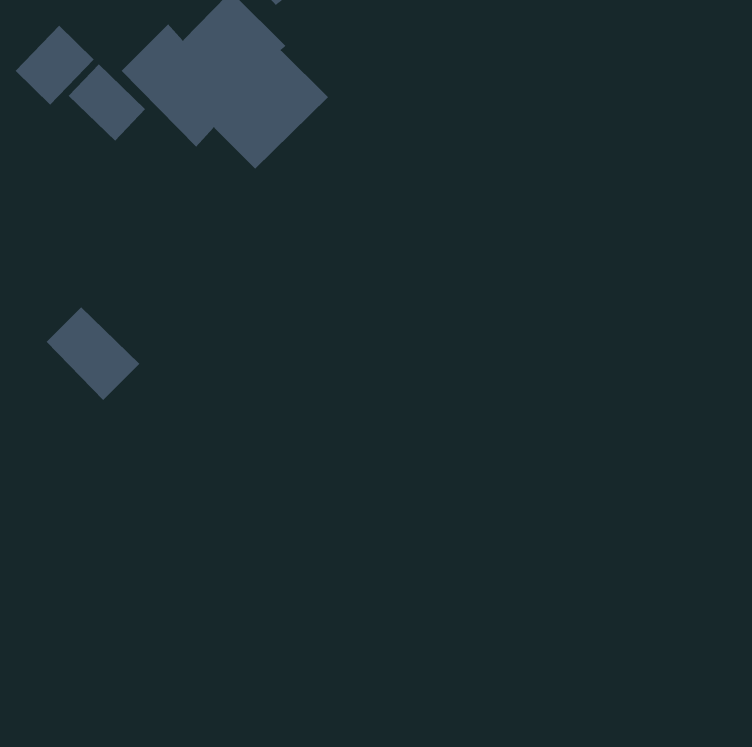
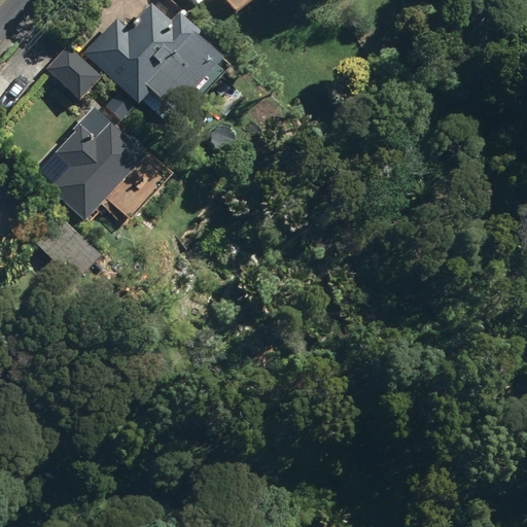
building: [15,25,95,105] -> none
building: none -> [48,106,161,219]

